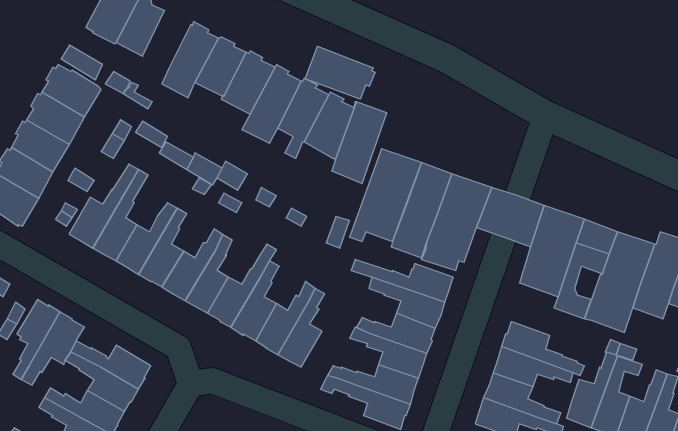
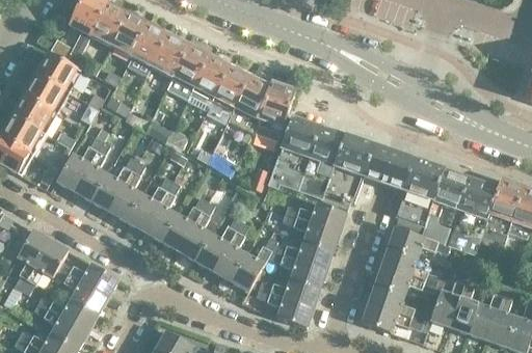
building: none -> [111,10,148,56]
building: [305,46,375,99] -> none
building: none -> [389,227,449,256]
building: none -> [231,237,277,291]

